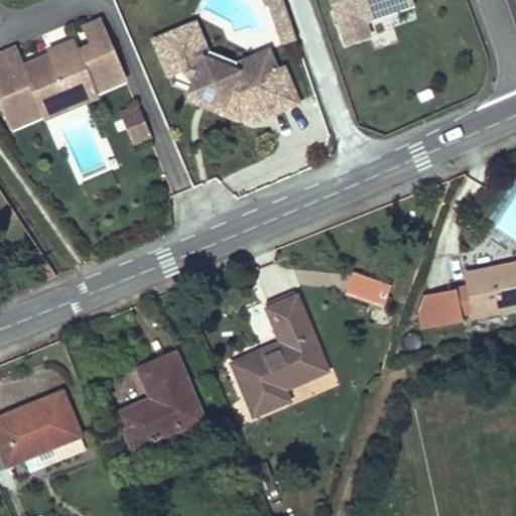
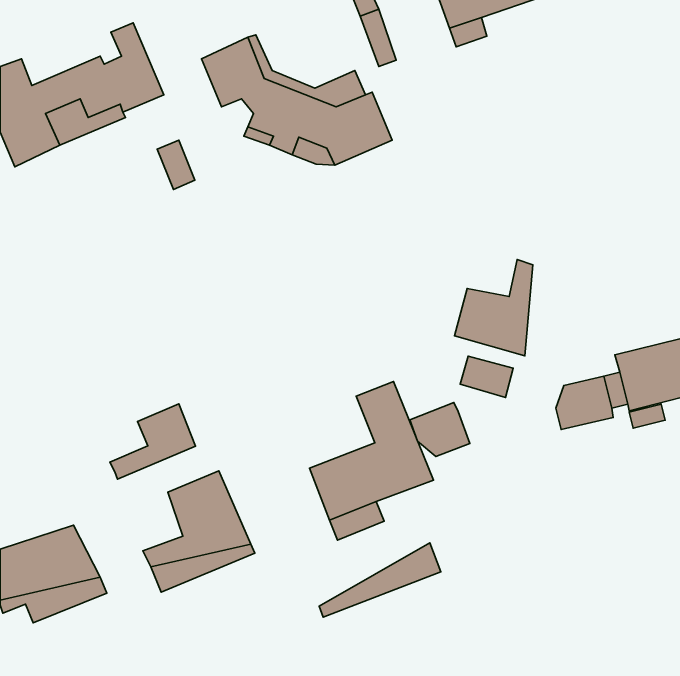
building: none -> [454,260,533,356]
building: none -> [410,403,470,457]
building: none -> [110,404,196,479]
building: none -> [319,543,441,617]

